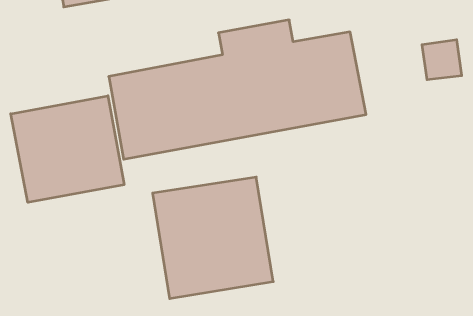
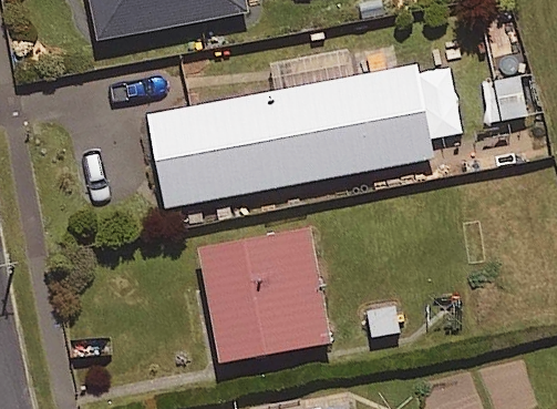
building: [11,96,124,202] -> none

